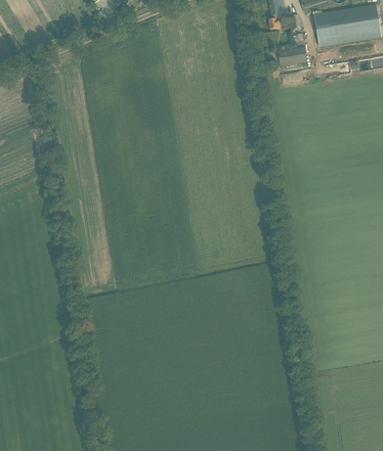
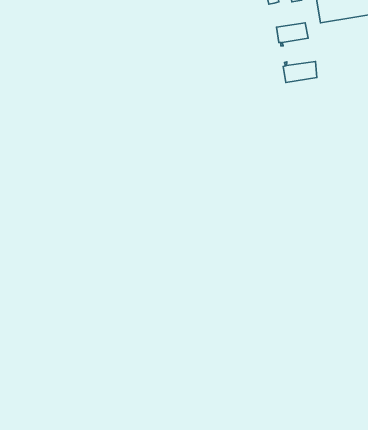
building: none -> [283,61,317,82]

